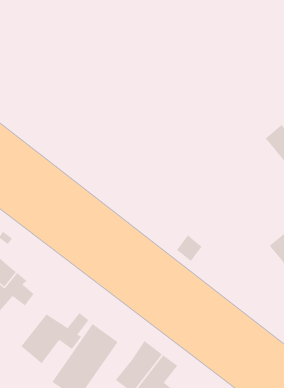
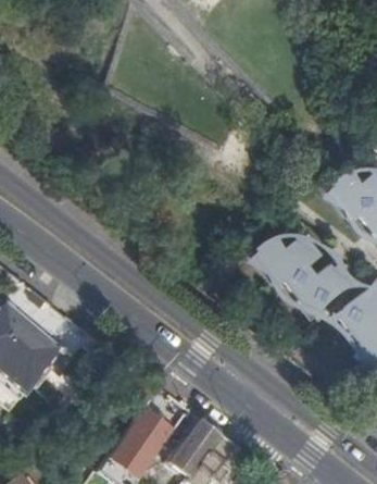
building: none -> [256,236,347,311]
building: [20,312,89,364] -> none

